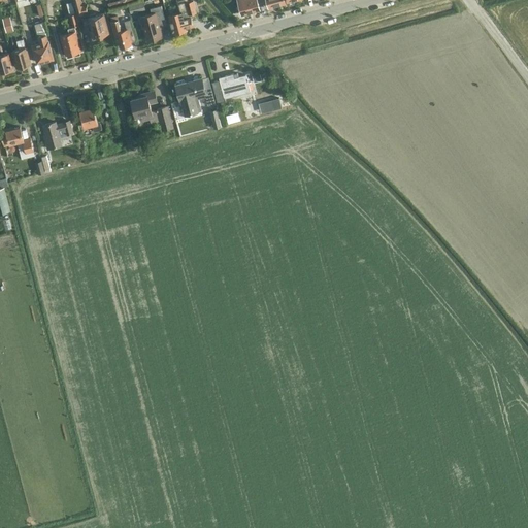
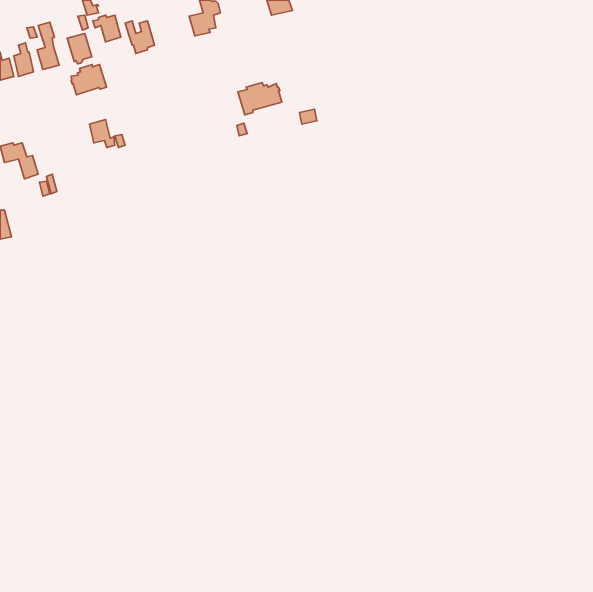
building: [138,5,165,40] -> none
building: none -> [71,64,106,95]
building: [175,79,214,117] -> none
building: [132,92,173,130] -> none
building: [43,122,73,150] -> none

